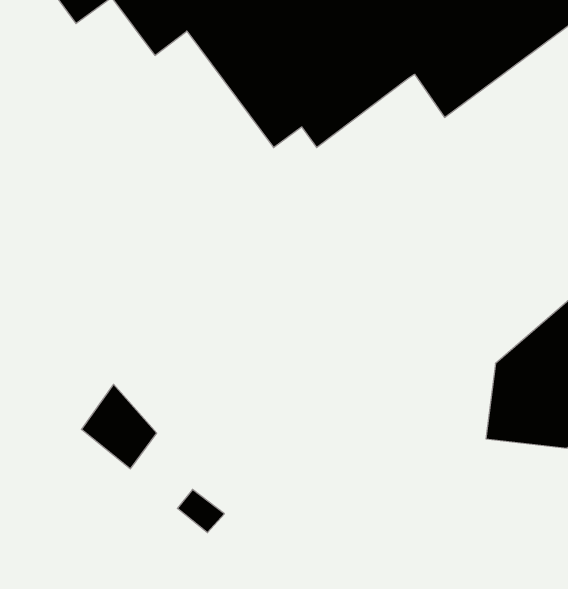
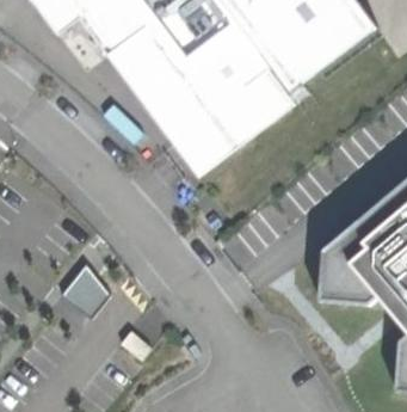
building: none -> [106,38,295,177]

